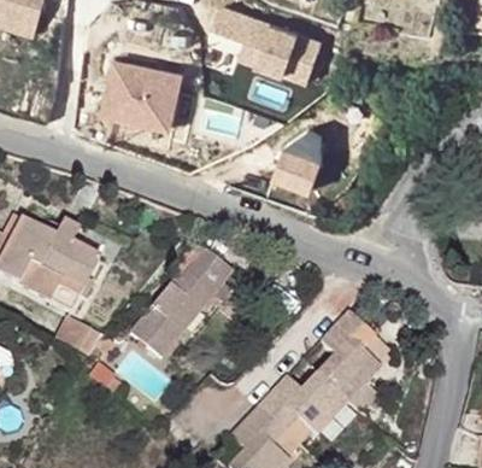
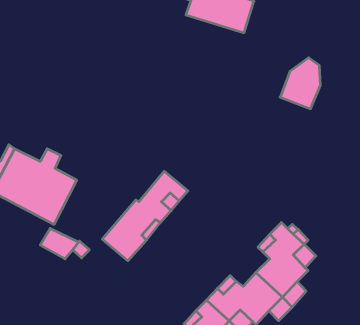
building: [102,59,181,127] -> none
building: [270,124,319,187] -> [280,58,320,109]

